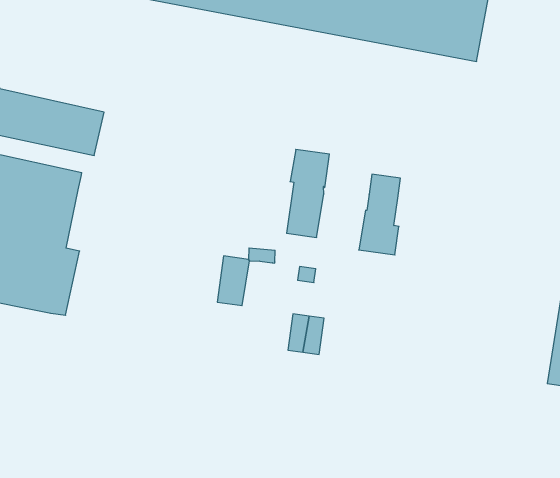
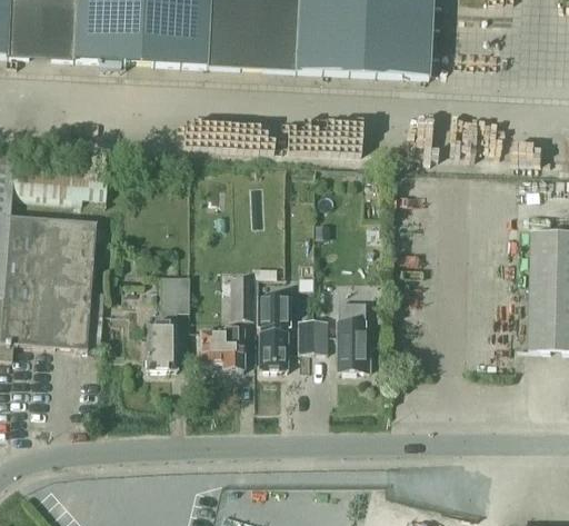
building: [287,149,329,237] -> [256,295,287,369]
building: [359,174,400,255] -> [336,301,368,369]
building: none -> [146,276,188,368]
building: none -> [199,327,242,369]

